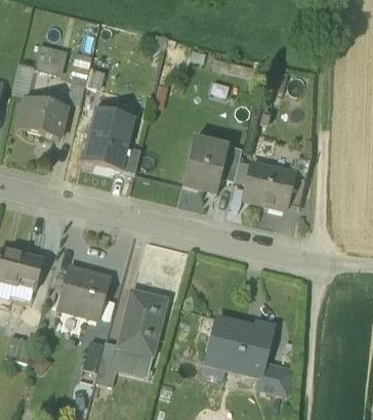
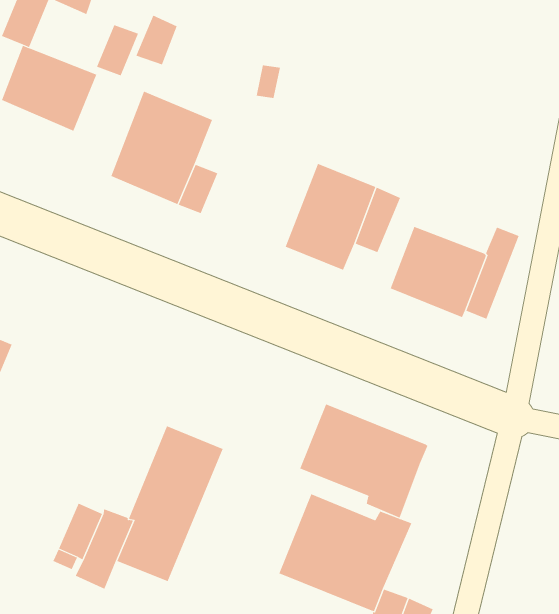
building: [58,266,109,318] -> none
building: none -> [299,404,428,519]

